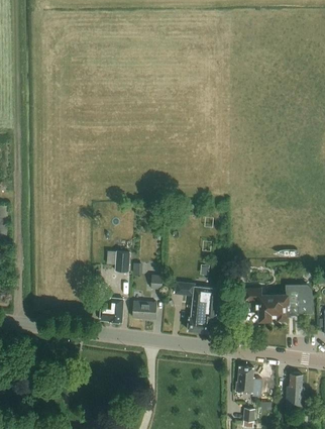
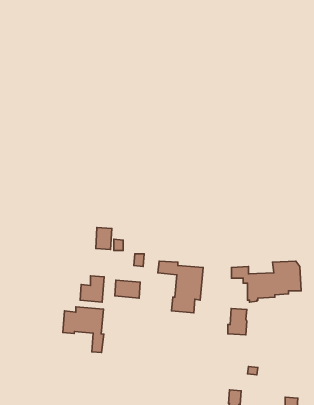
building: none -> [63,307,104,353]
building: [235,368,253,394] -> [228,309,247,335]
building: [286,376,305,409] -> none

